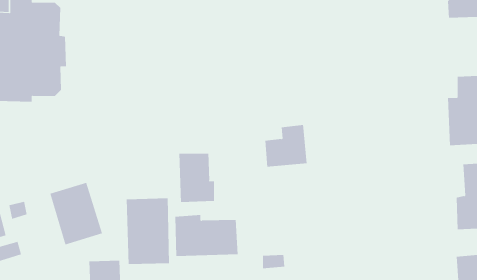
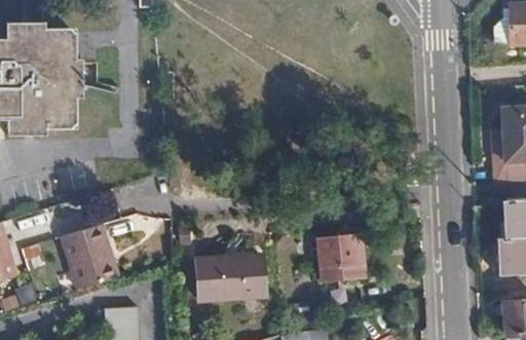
building: [265,124,308,167] -> [318,235,365,281]
building: [179,153,215,203] -> none
building: [126,198,170,265] -> none

